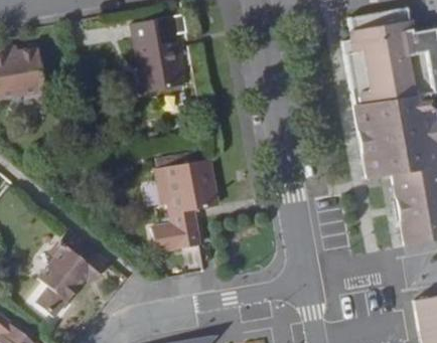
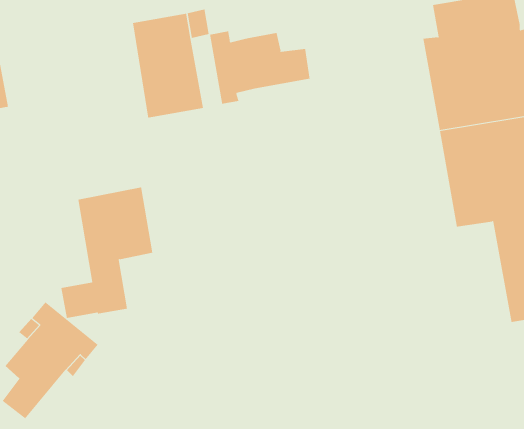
building: none -> [209,31,310,105]
building: [151,157,217,251] -> [61,187,153,319]

